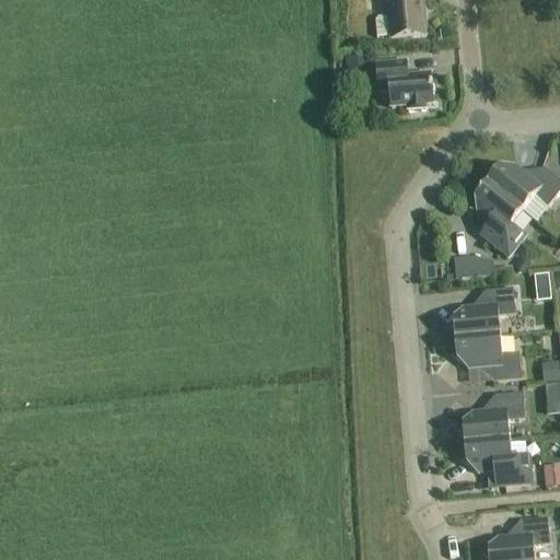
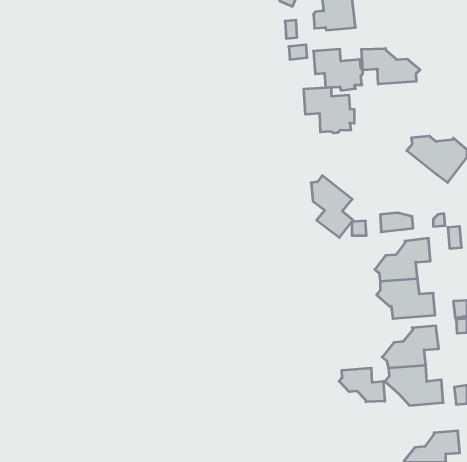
building: none -> [361,48,420,84]
building: none -> [304,87,354,133]
building: [474,180,524,255] -> [311,176,353,238]
building: none -> [339,368,385,402]

